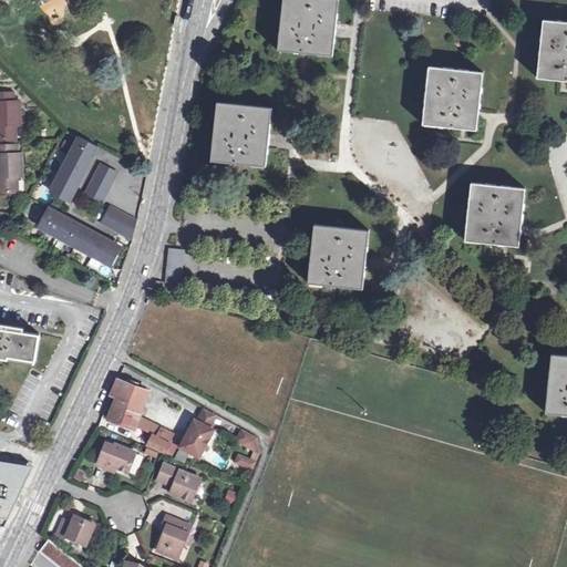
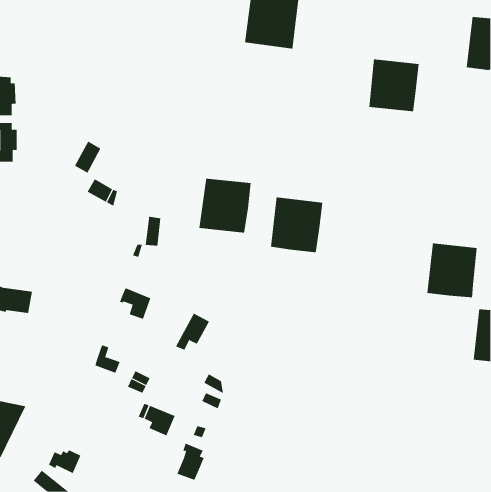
building: [213,102,274,165] -> [199,178,252,233]
building: [49,134,97,198] -> none
building: [463,184,522,247] -> [426,243,478,298]
building: [37,204,118,262] -> none
building: [111,379,147,415] -> [119,288,151,319]
building: [172,419,212,462] -> [175,313,210,350]
building: [96,442,136,472] -> none
building: [158,516,190,559] -> [177,443,205,480]

